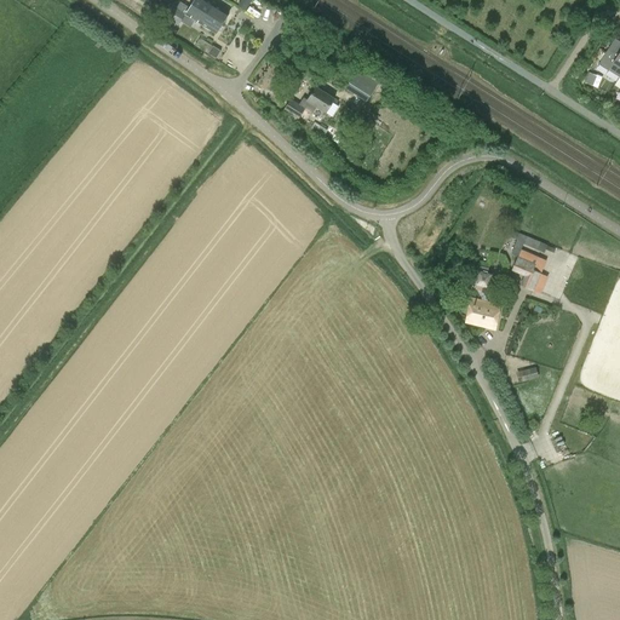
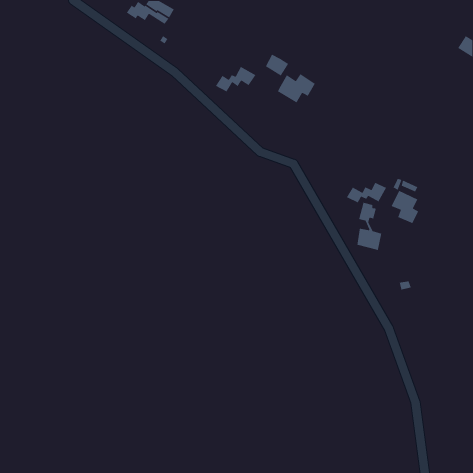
building: none -> [277,73,316,103]
building: none -> [346,182,387,203]

